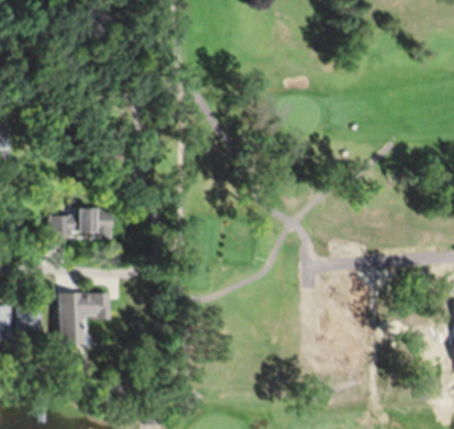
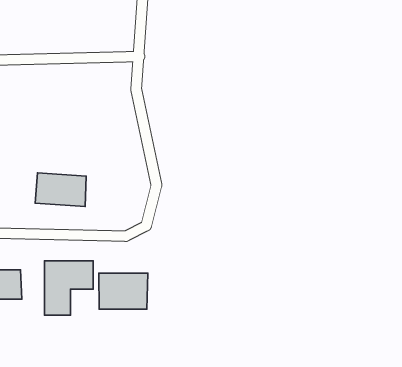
building: none -> [99,273,148,309]

